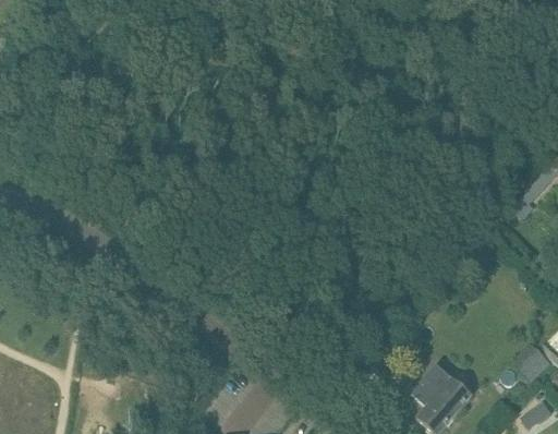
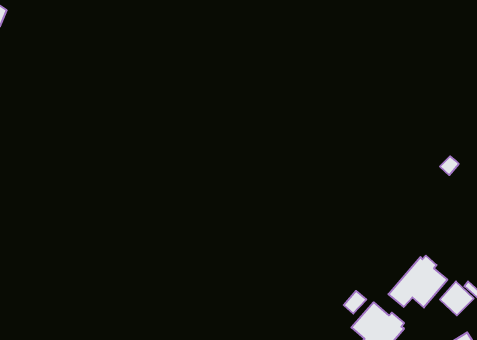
building: none -> [388,256,447,308]

